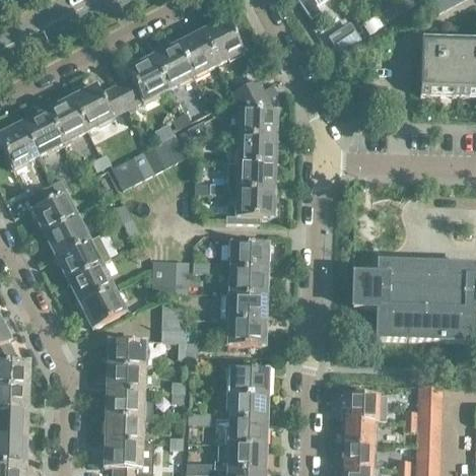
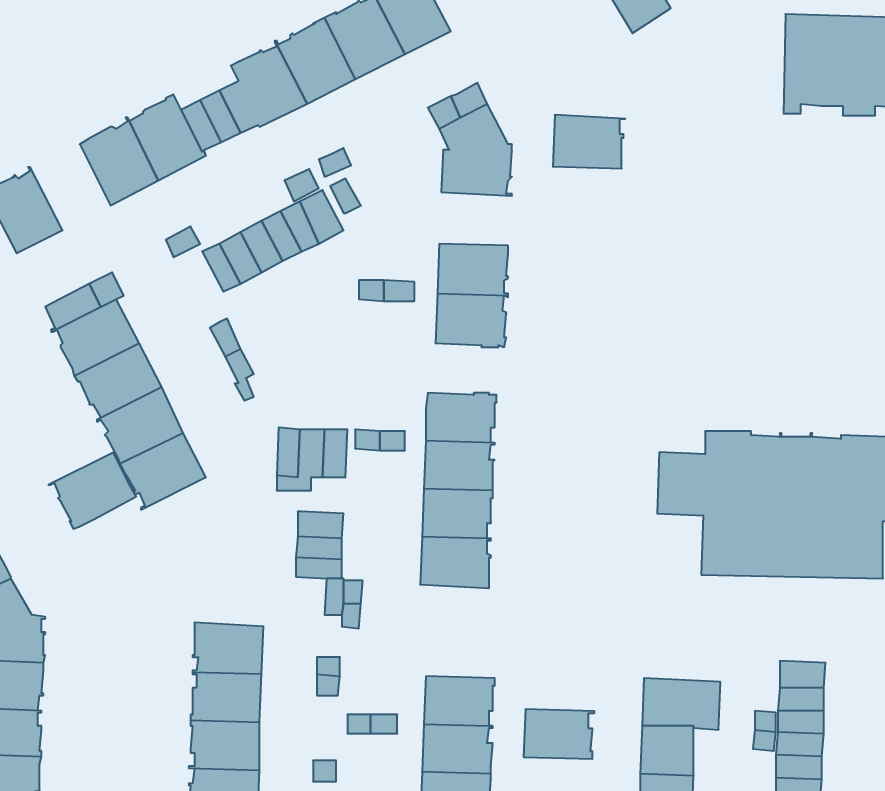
building: [20,110,63,155] -> none
building: [237,135,276,163] -> [553,115,625,169]
building: [79,286,126,327] -> [48,452,136,529]
building: [108,338,153,365] -> none
building: [230,366,268,393] -> [524,709,594,759]

